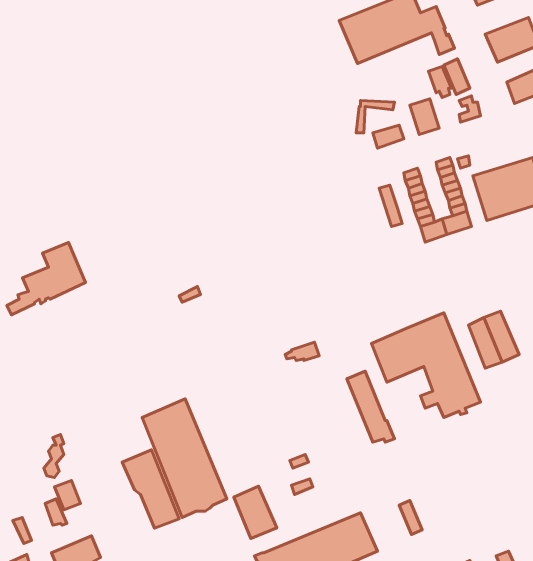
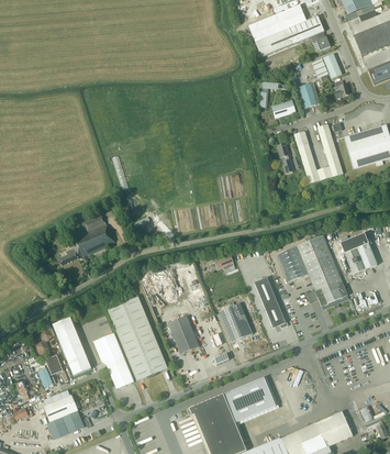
building: [7,242,85,315] -> [58,213,114,265]
building: none -> [220,302,253,341]
building: none -> [53,317,91,375]
building: [234,486,277,539] -> [168,315,199,353]

